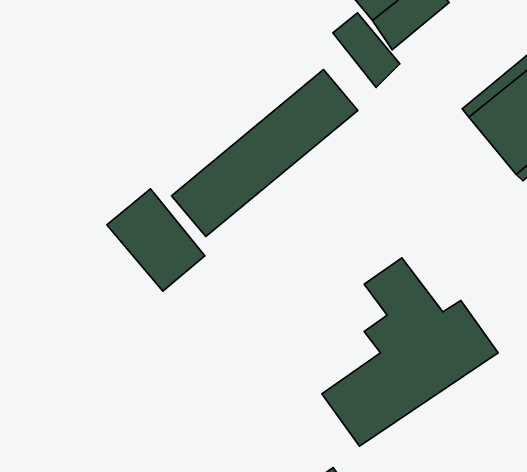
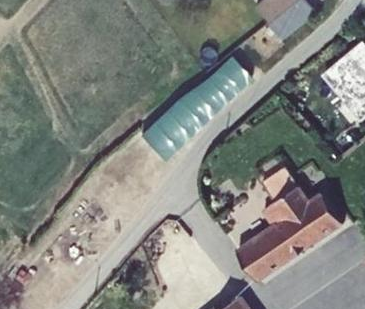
building: [333,13,400,87] -> none
building: [107,189,205,291] -> none

